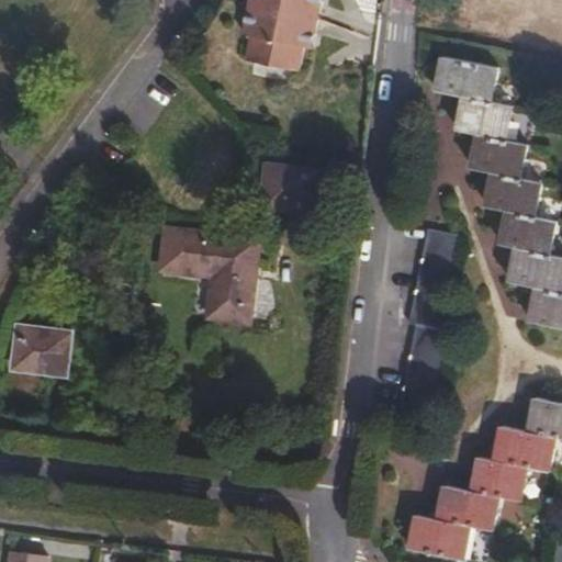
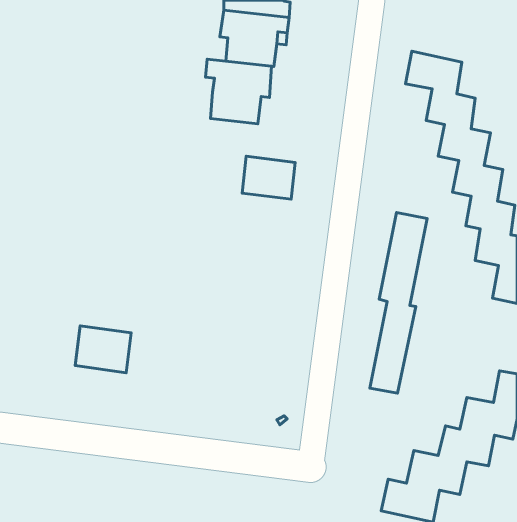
building: none -> [205,59,272,124]
building: [159,228,255,322] -> none
building: [8,326,68,376] -> [75,326,131,373]

